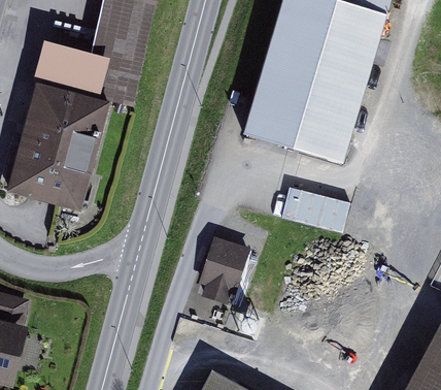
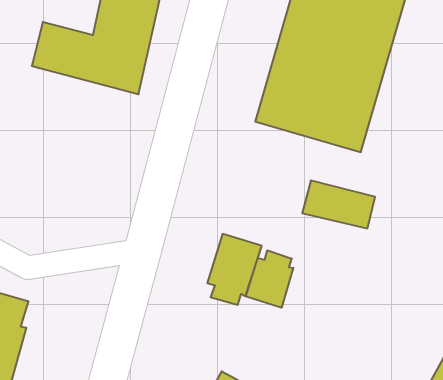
building: [7,80,110,209] -> none
building: none -> [246,250,293,308]

